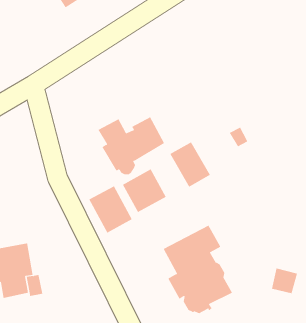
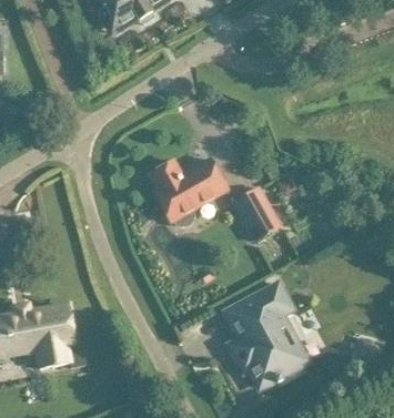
building: [122,169,167,213] -> none
building: [89,185,133,233] -> none

